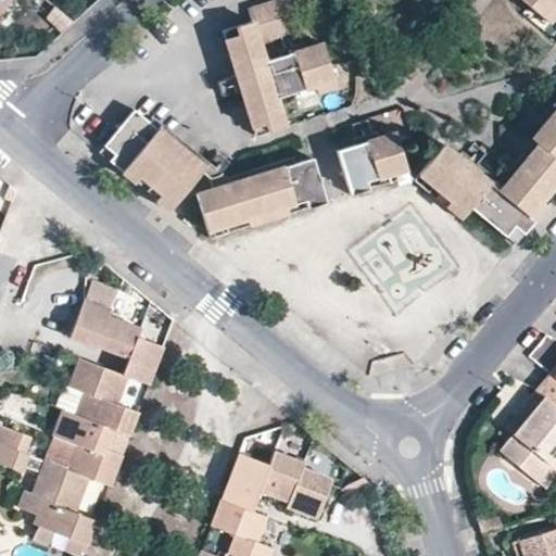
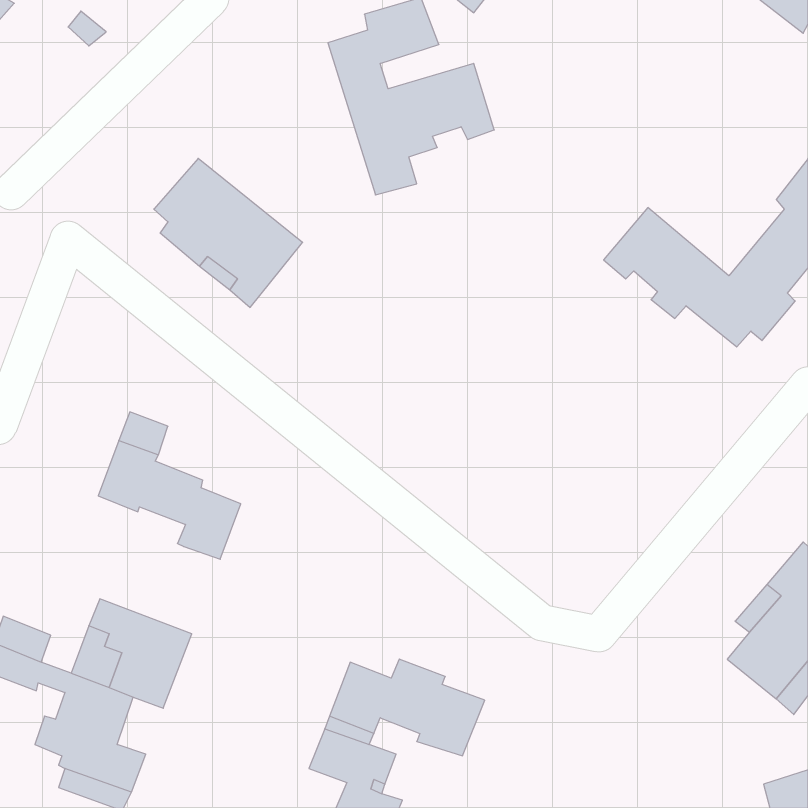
building: [338,131,410,193] -> none
building: [199,156,327,237] -> none
building: [58,356,140,434] -> none

